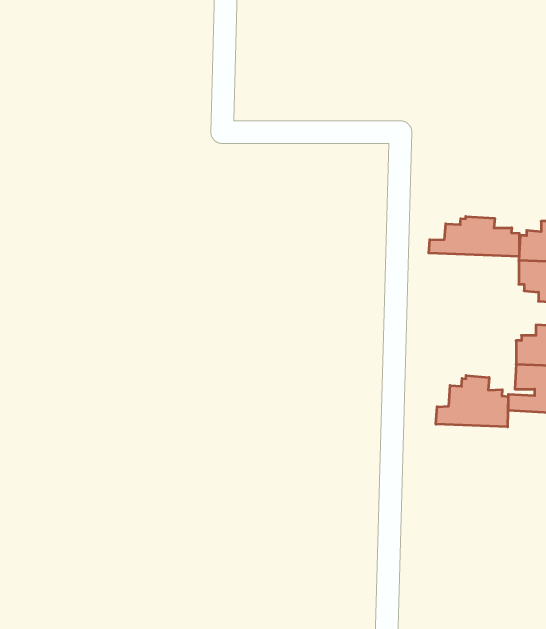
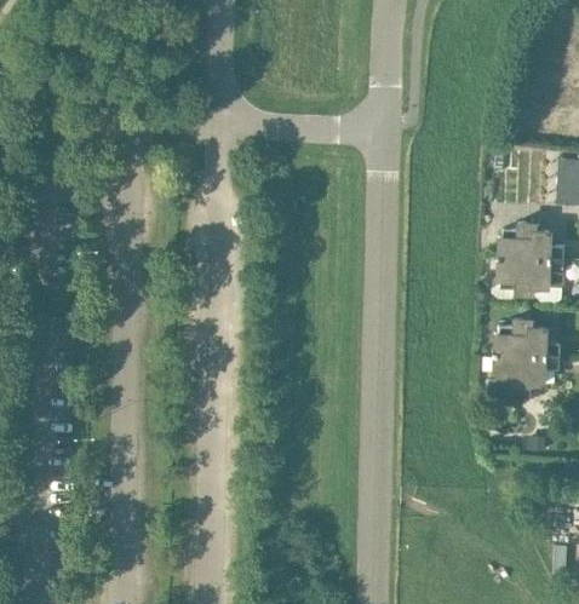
building: [429,216,519,256] -> none
building: [436,375,508,427] -> none

